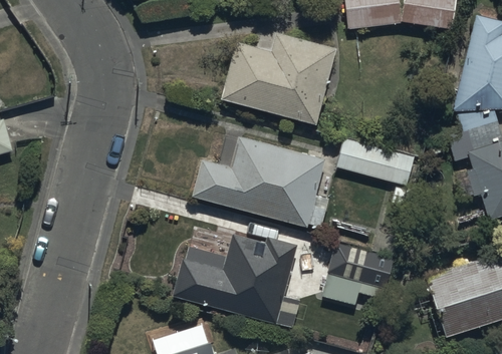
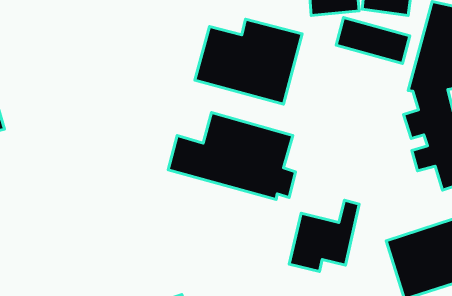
building: [333,136,414,187] -> [336,17,410,64]
building: [174,234,300,328] -> none

